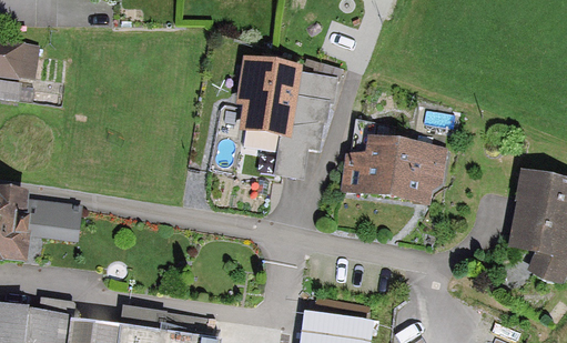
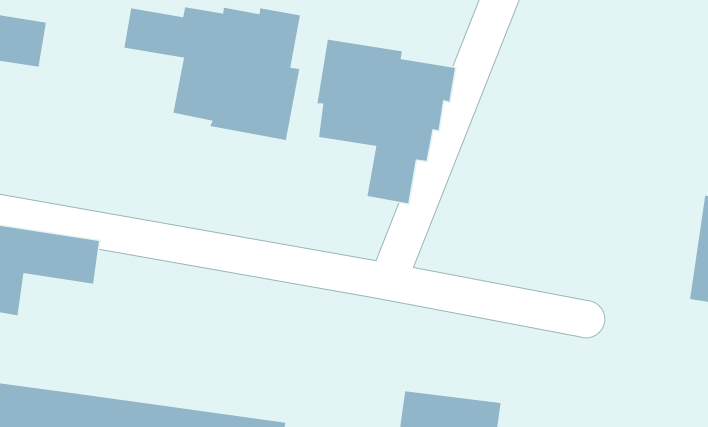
building: none -> [123,7,301,141]
building: [343,120,450,200] -> none

